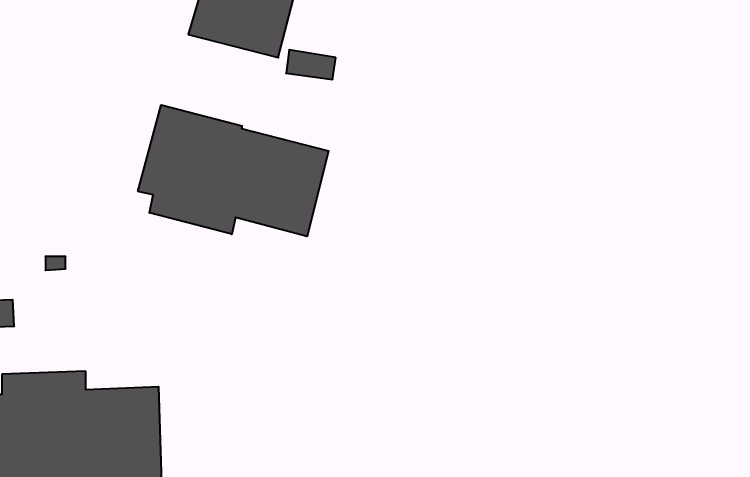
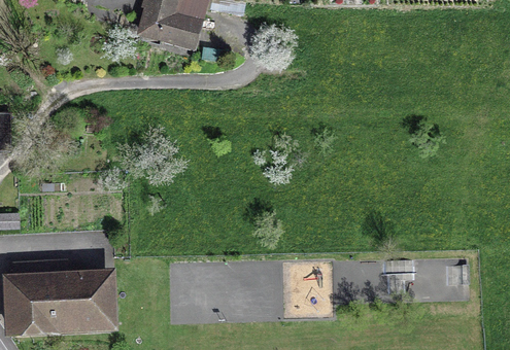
building: [138,105,329,236] -> none

